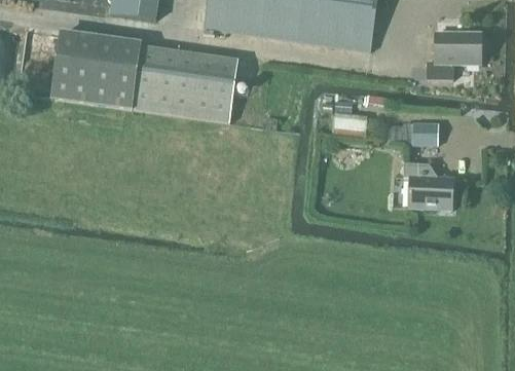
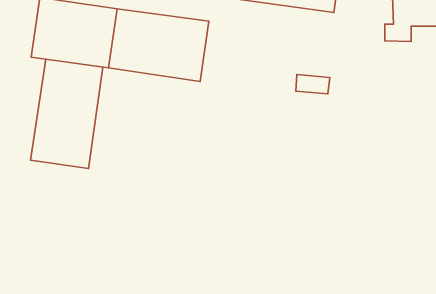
building: none -> [30,59,103,168]
building: [402,122,437,145] -> none
building: [403,162,451,210] -> none

